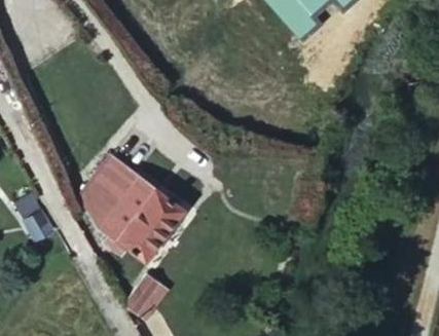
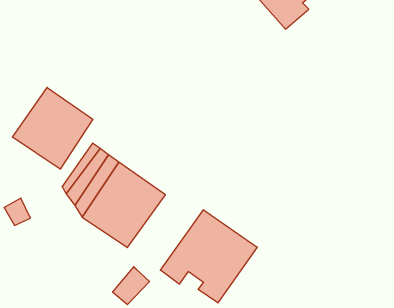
building: none -> [12,87,93,169]
building: none -> [160,210,257,303]

